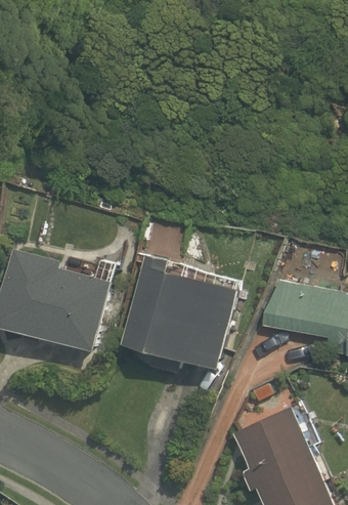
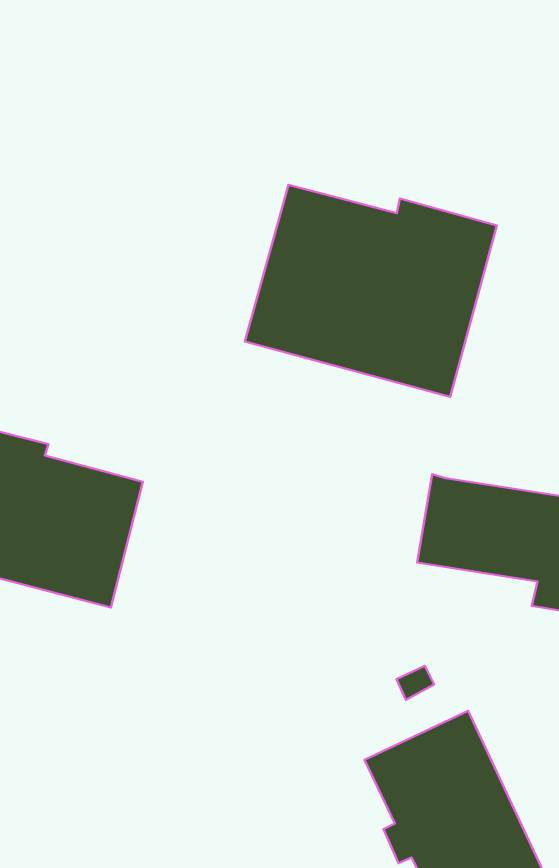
building: none -> [245,185,497,397]
building: [119,255,240,372] -> none

